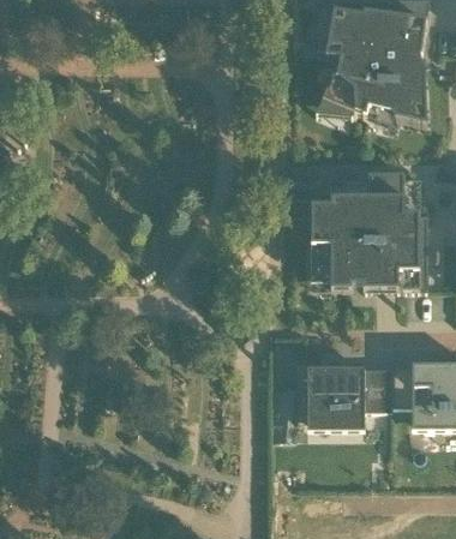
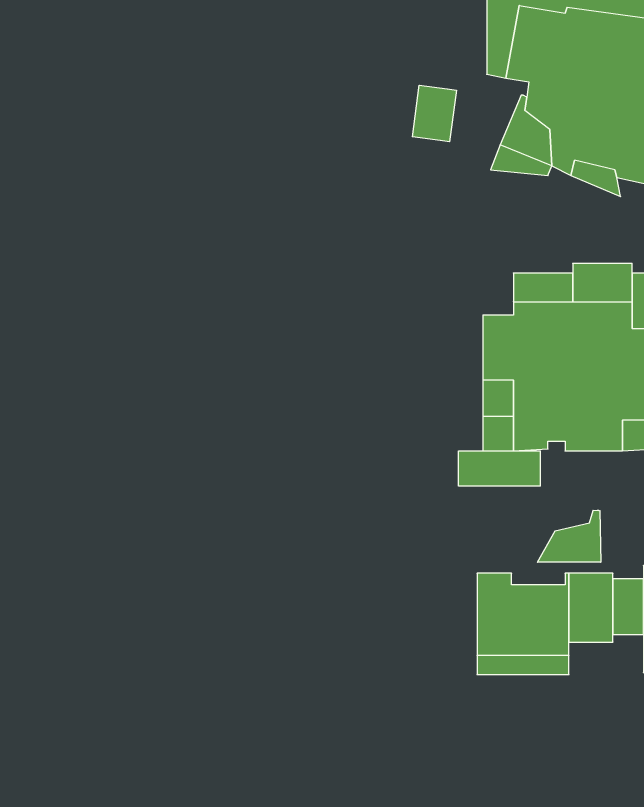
building: none -> [412,85,456,142]
building: none -> [459,451,540,486]
building: none -> [538,510,601,562]

